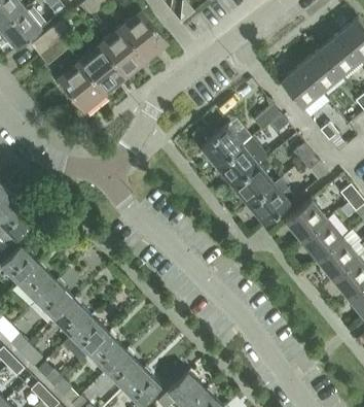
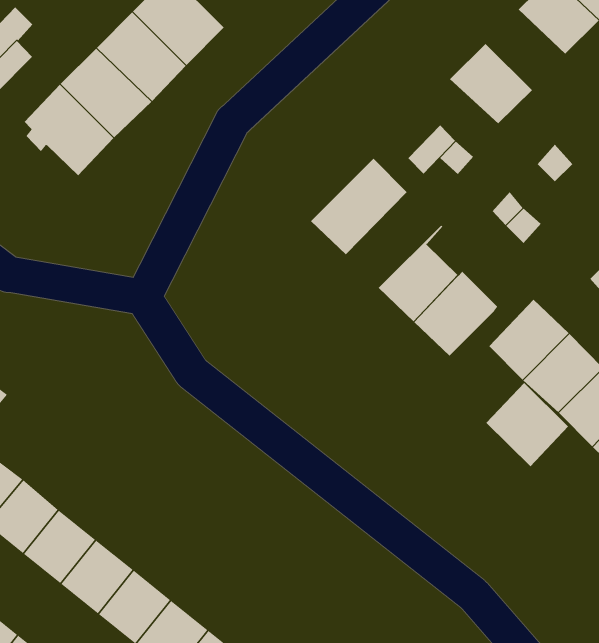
building: [300,50,340,93] -> none
building: [217,138,267,185] -> none
building: none -> [486,382,569,467]

